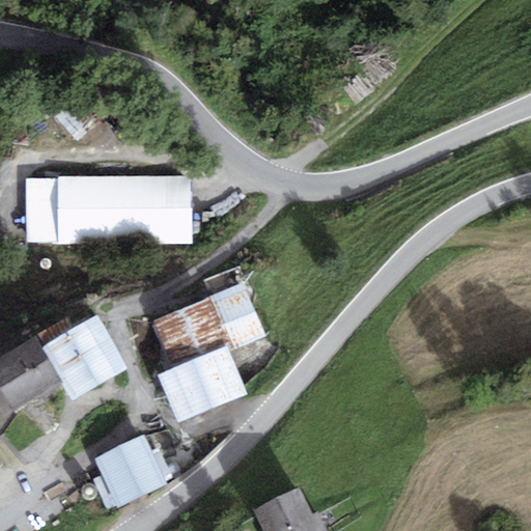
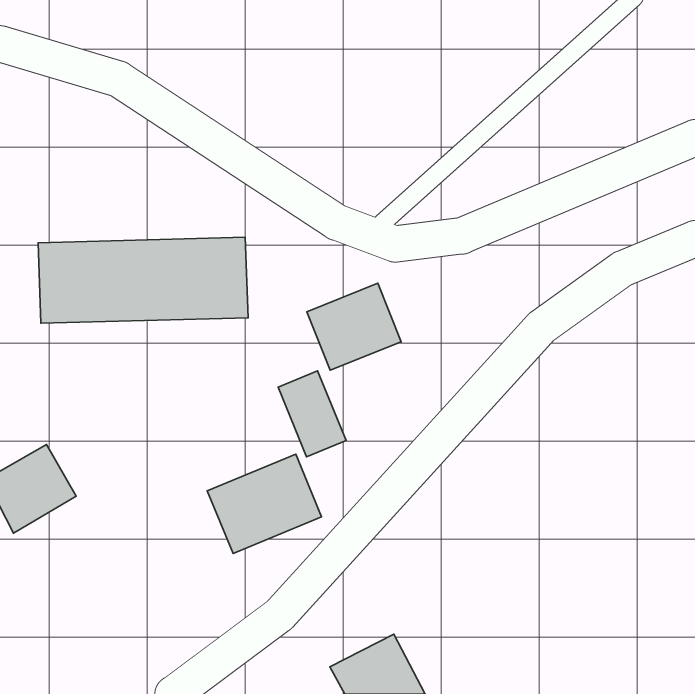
building: [153,296,225,362] -> [307,283,401,370]
building: [43,313,125,394] -> none
building: [93,434,167,506] -> none

